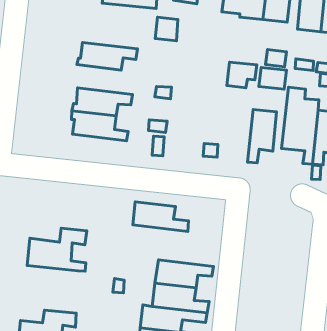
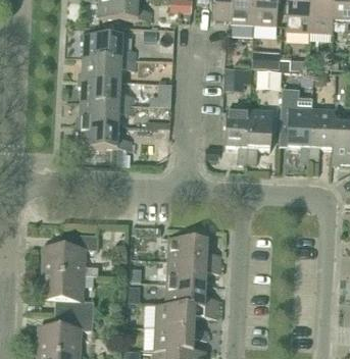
building: none -> [81,33,137,59]
building: none -> [79,78,134,103]
building: none -> [226,109,250,161]
building: [133,202,188,232] -> [168,238,221,263]
building: none -> [41,273,94,316]

